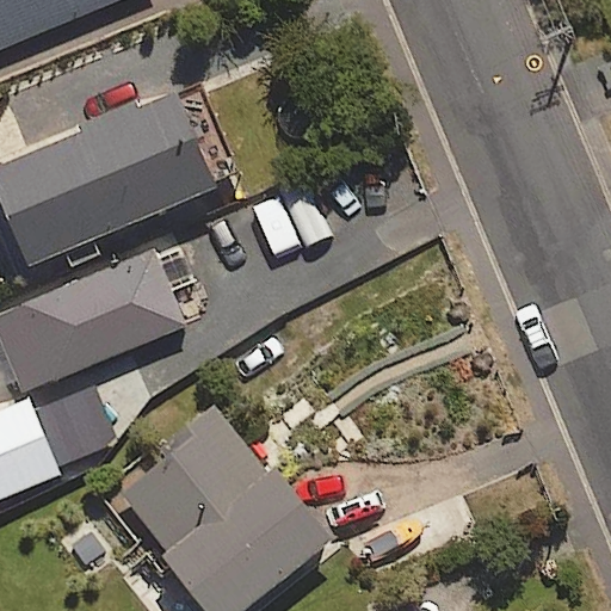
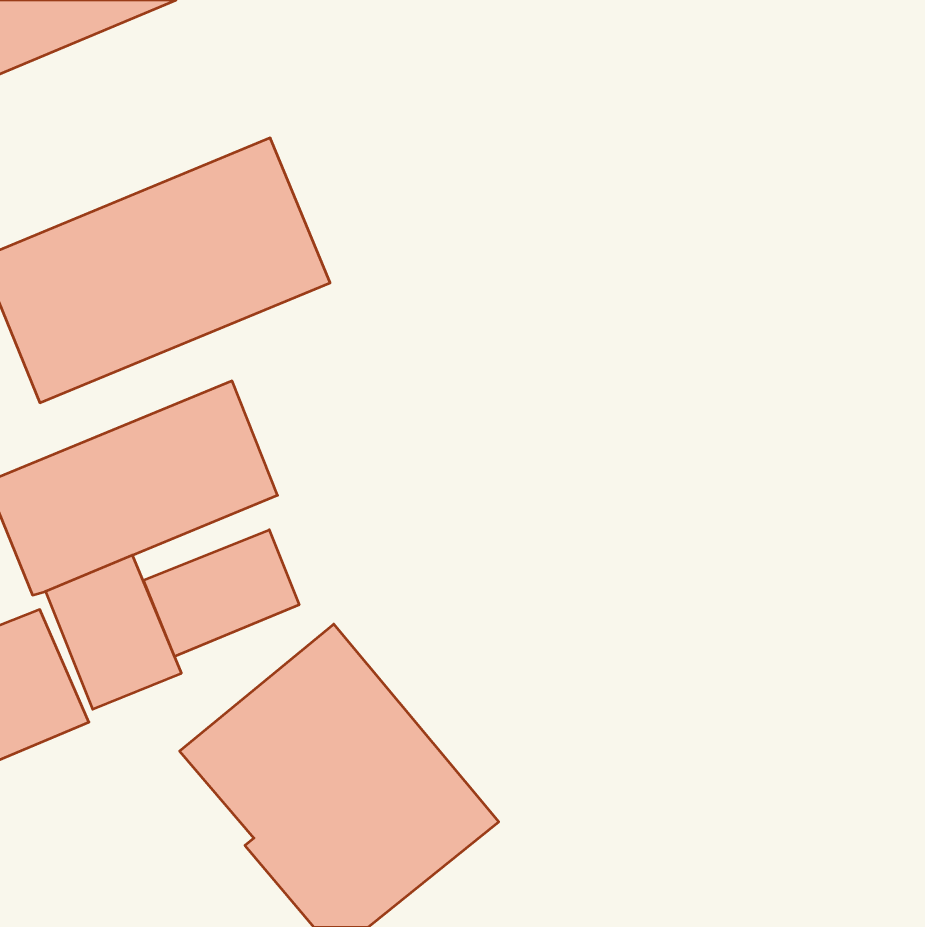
building: none -> [143,530,299,657]

